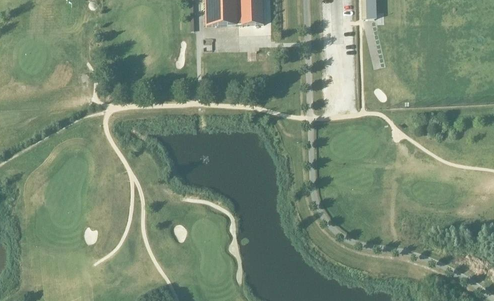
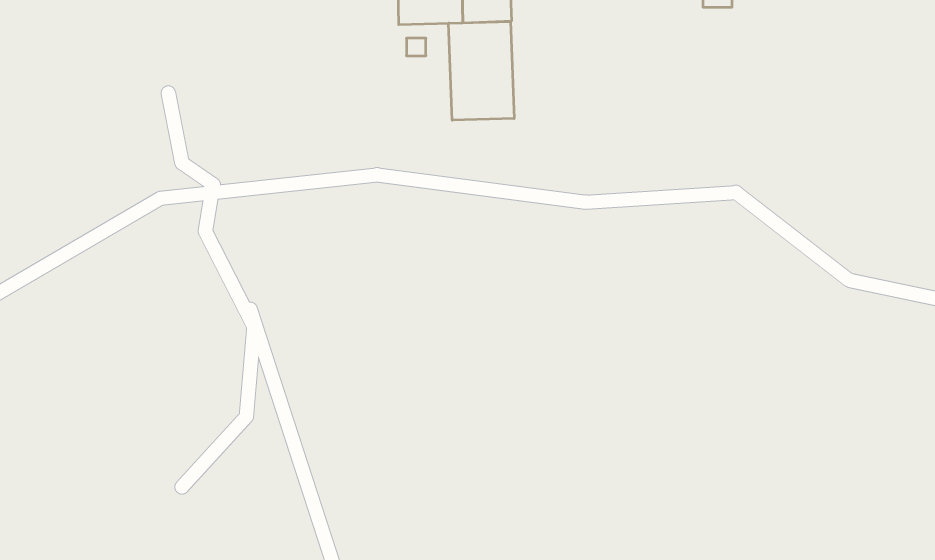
building: none -> [449,21,514,120]

